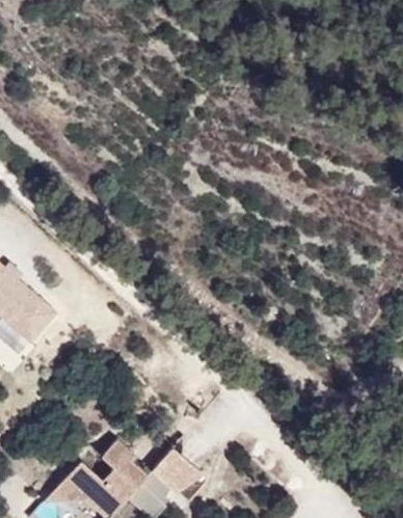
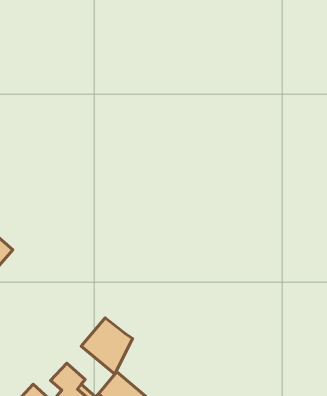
building: none -> [81,318,133,374]

